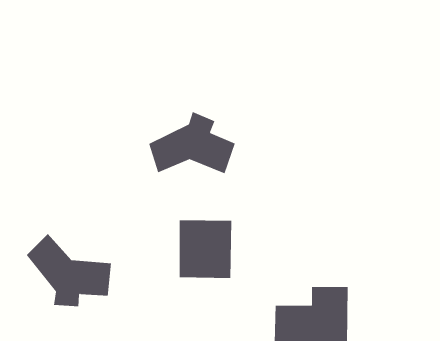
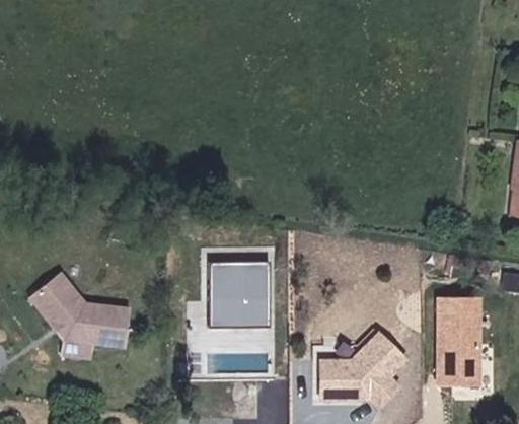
building: [148,111,235,174] -> none
building: none -> [434,295,483,386]

